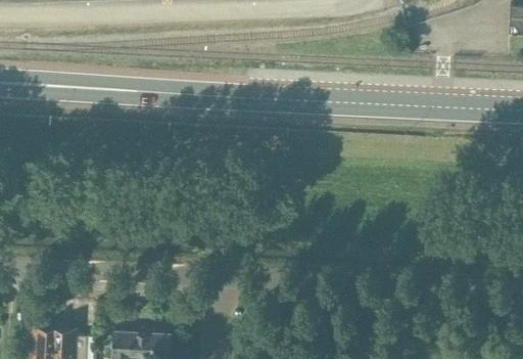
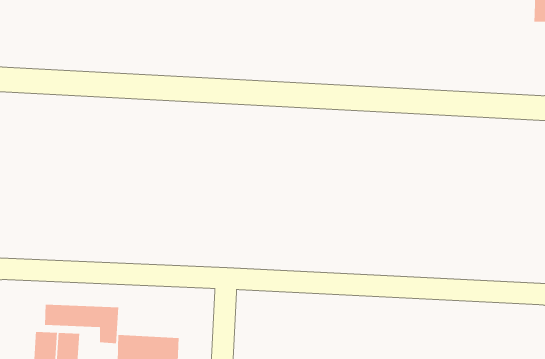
building: none -> [44,304,119,344]

